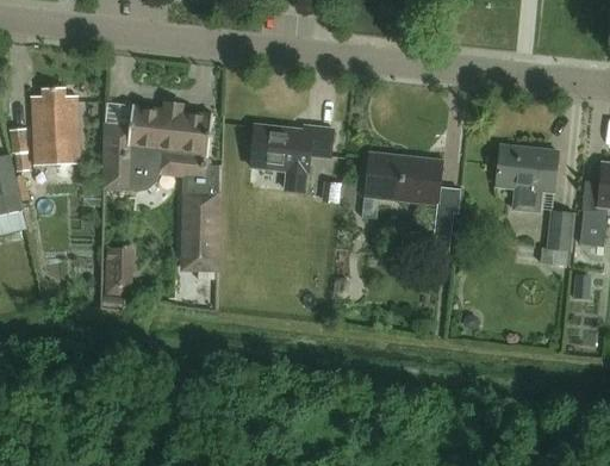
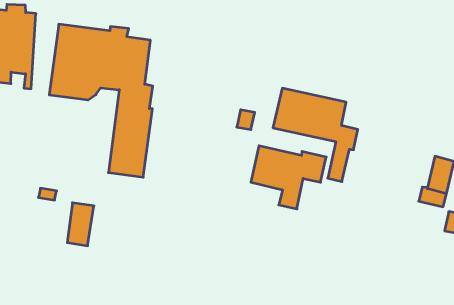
building: [250,124,334,192] -> [251,146,326,209]
building: [497,145,559,212] -> none
building: [105,246,131,293] -> [67,203,94,246]

